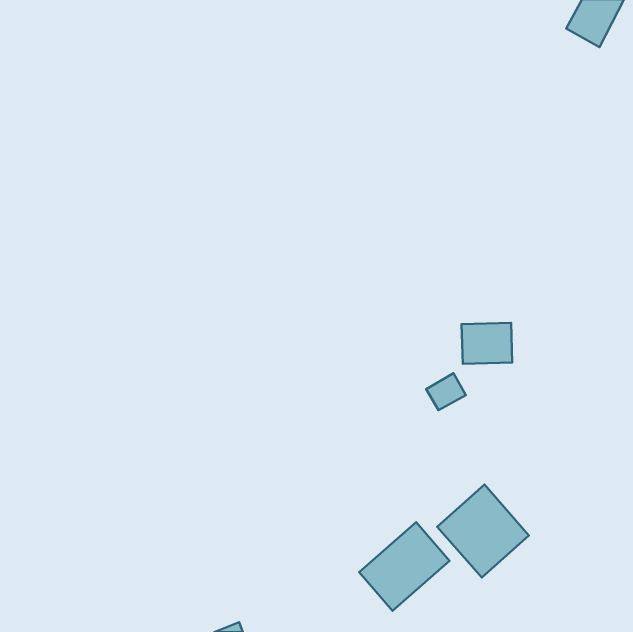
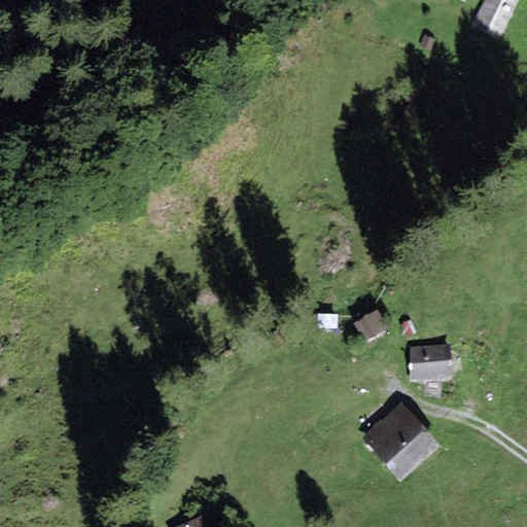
building: [461,323,512,364] -> [410,345,452,379]
building: [359,522,449,611] -> none

